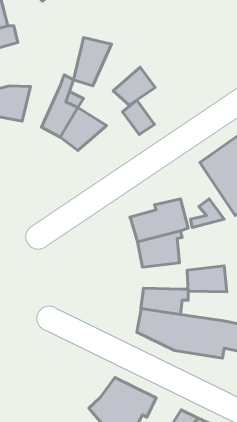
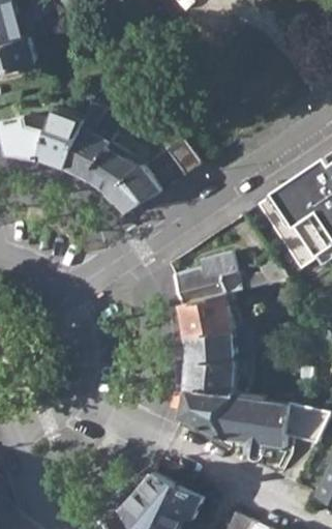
building: [74,38,111,86] -> [39,107,86,166]
building: [113,67,155,105] -> [108,166,159,212]
building: [187,266,227,292] -> [187,332,236,364]

